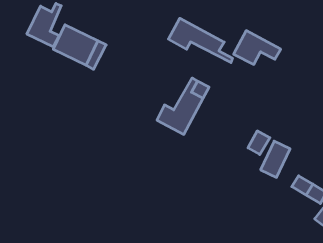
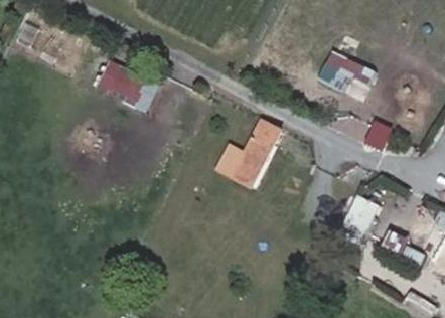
building: [27,3,61,47] -> none
building: [168,18,232,63] -> none

